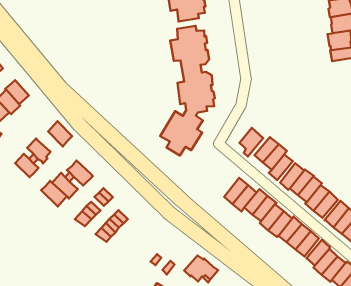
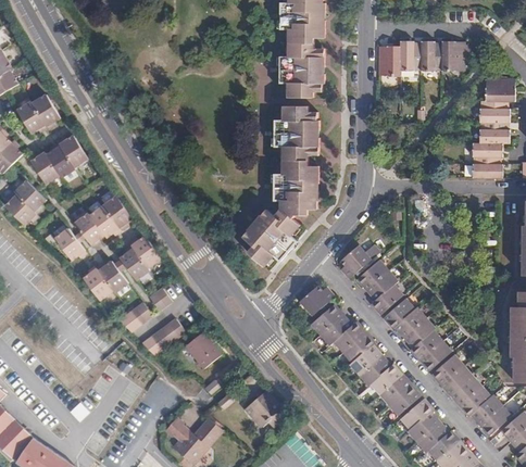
building: none -> [89,205,118,235]
building: none -> [130,235,161,267]
building: none -> [299,287,334,315]
building: none -> [185,333,221,369]

